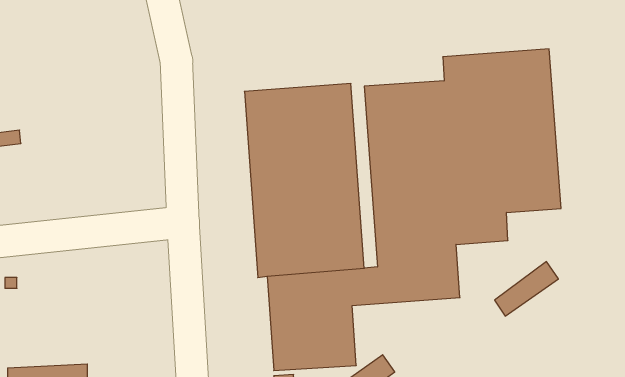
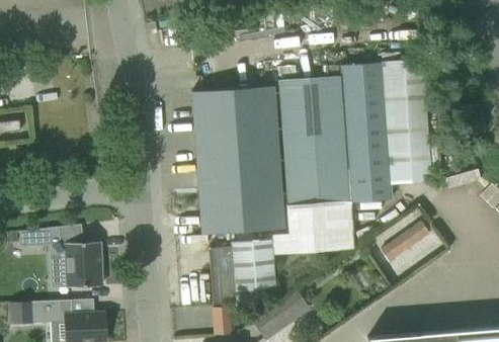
building: none -> [19,226,101,287]

